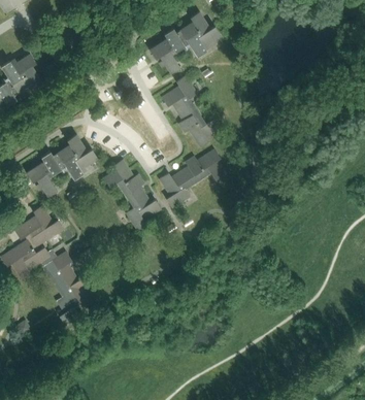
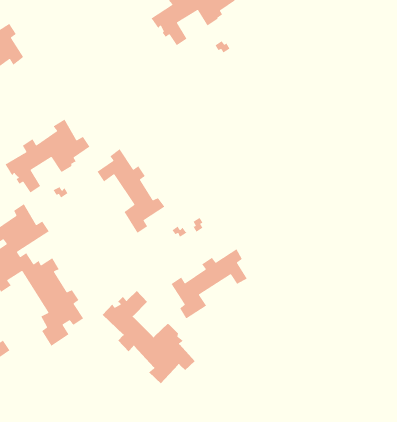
building: [161,75,220,147] -> none
building: [159,148,224,208] -> [170,248,248,319]
building: none -> [102,290,196,384]

